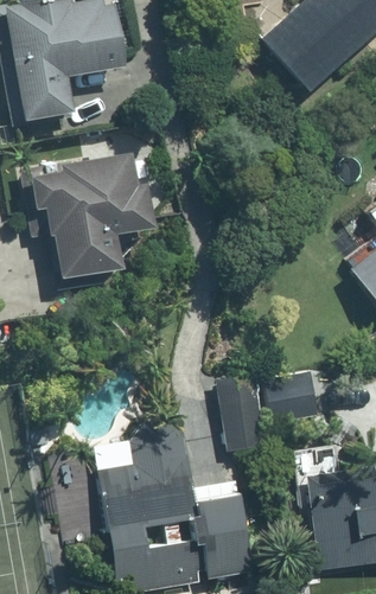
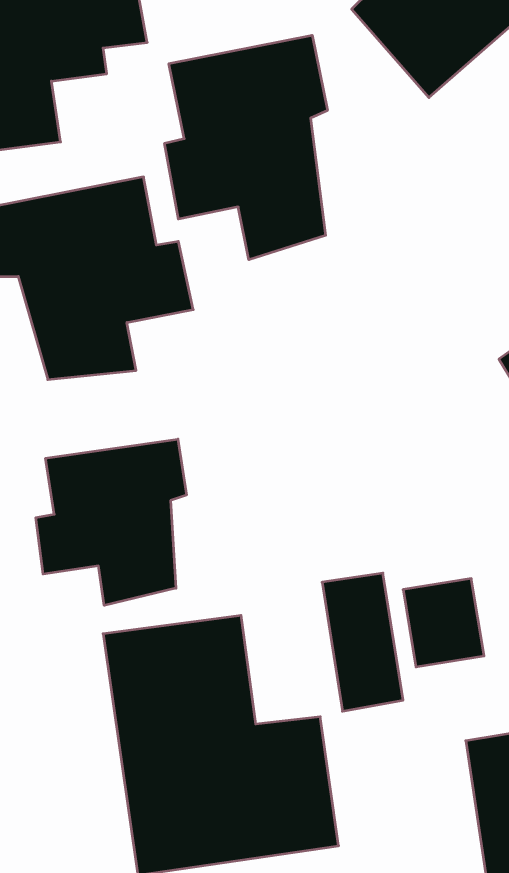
building: none -> [165,35,327,260]
building: none -> [36,439,186,605]

